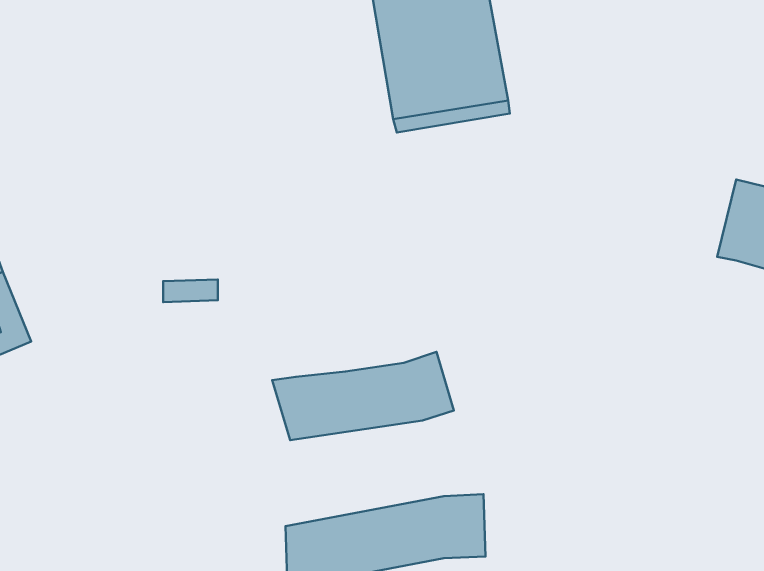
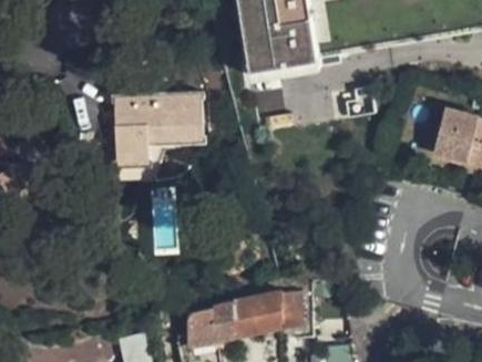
building: none -> [110,94,196,162]
building: [272,352,454,440] -> none

